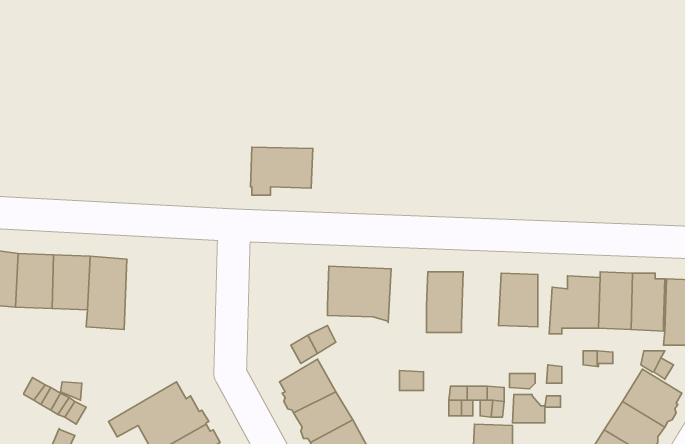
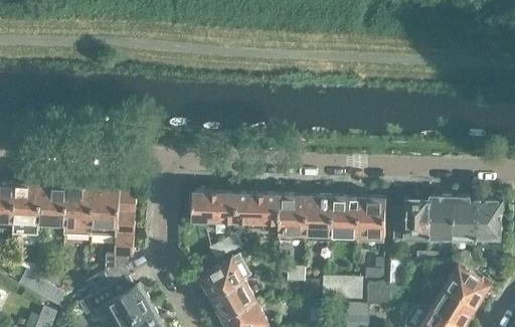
building: [251,147,313,195] -> [192,191,236,225]
building: none -> [84,187,136,296]
building: none -> [279,194,307,239]
building: none -> [331,196,359,234]

